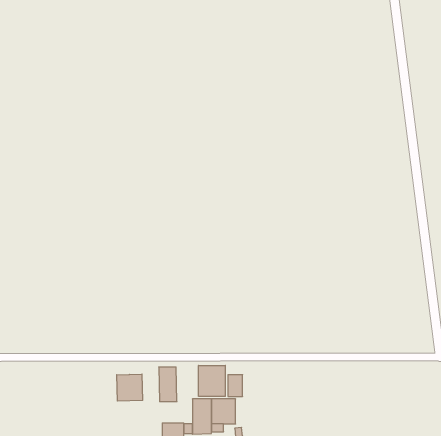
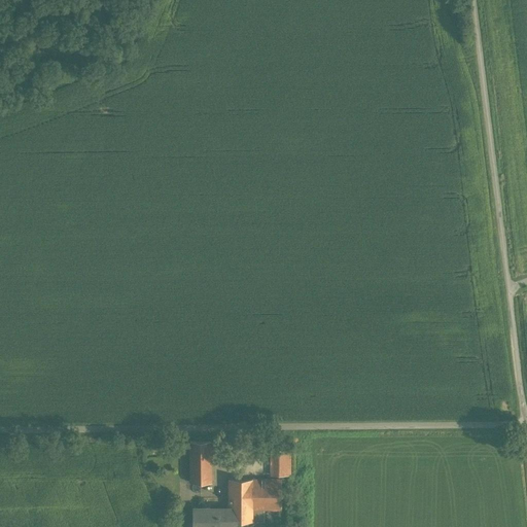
building: [199,365,225,396] -> none
building: [117,374,143,401] -> none

